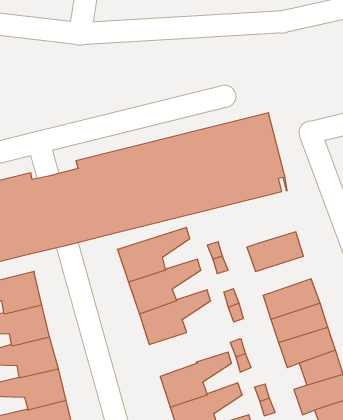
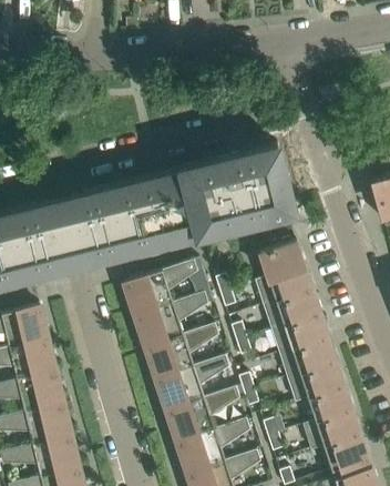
building: none -> [259,236,304,274]
building: none -> [263,287,319,327]
building: none -> [155,353,228,409]

